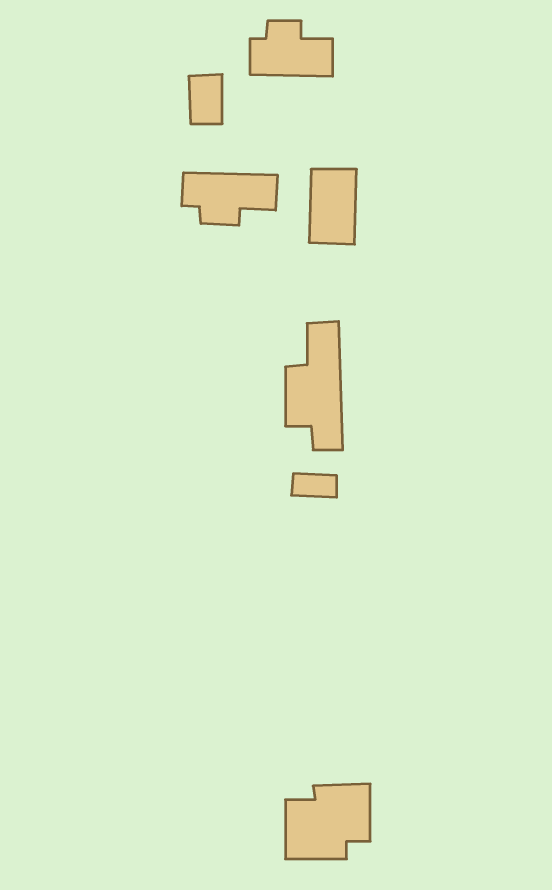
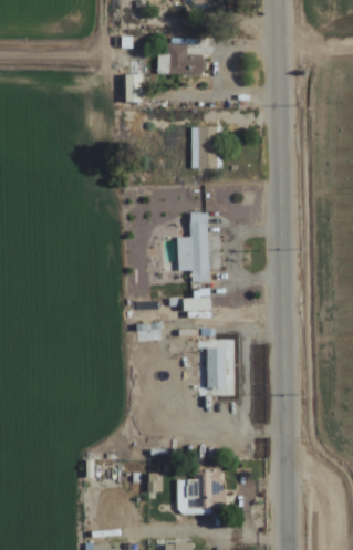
building: [182,173,277,225] -> none
building: none -> [207,346,235,394]

